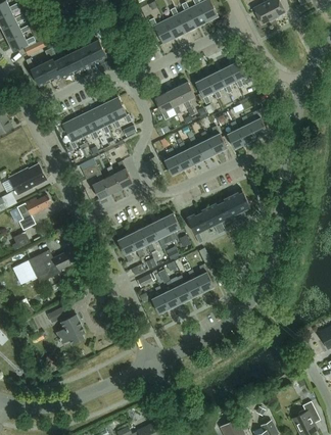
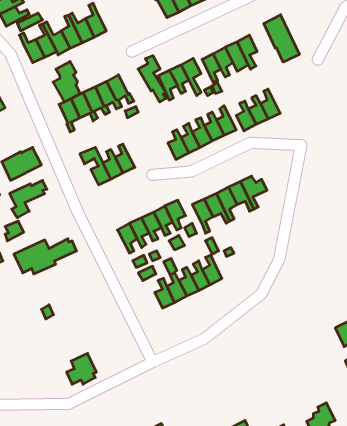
building: none -> [264,15,299,62]
building: none -> [138,56,166,102]
building: none -> [53,61,80,102]
building: [56,316,84,344] -> [67,353,96,384]

